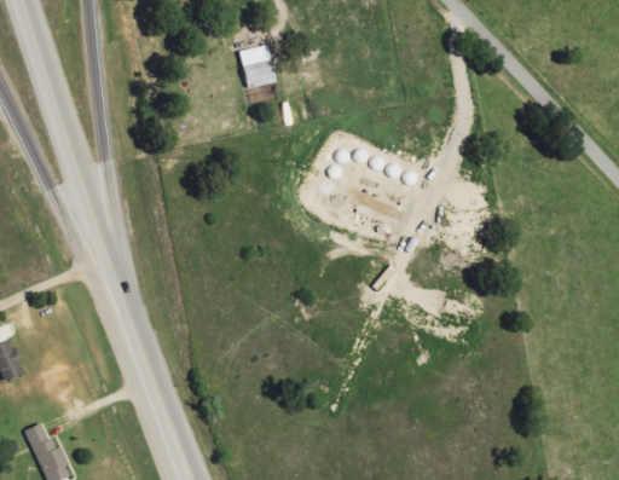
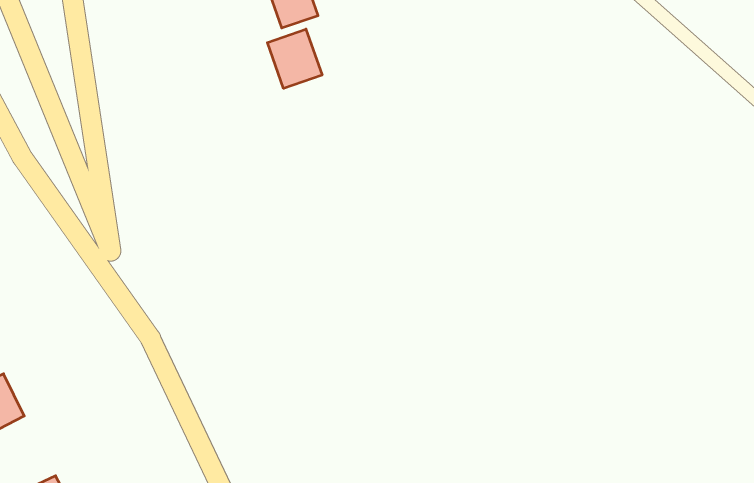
building: none -> [267,29,322,88]

